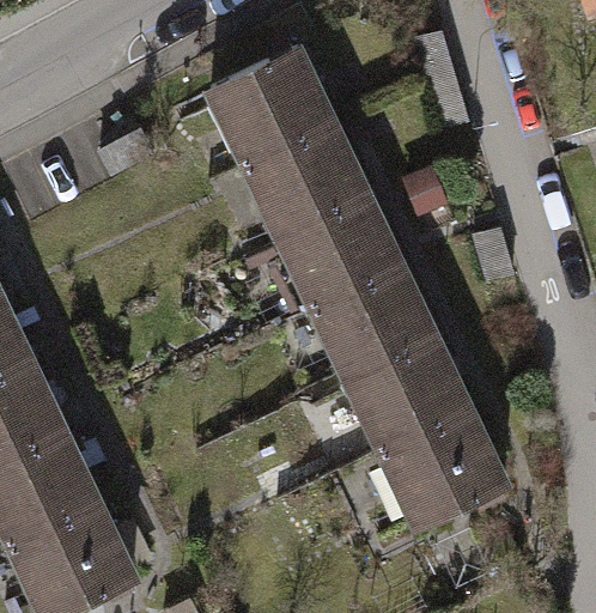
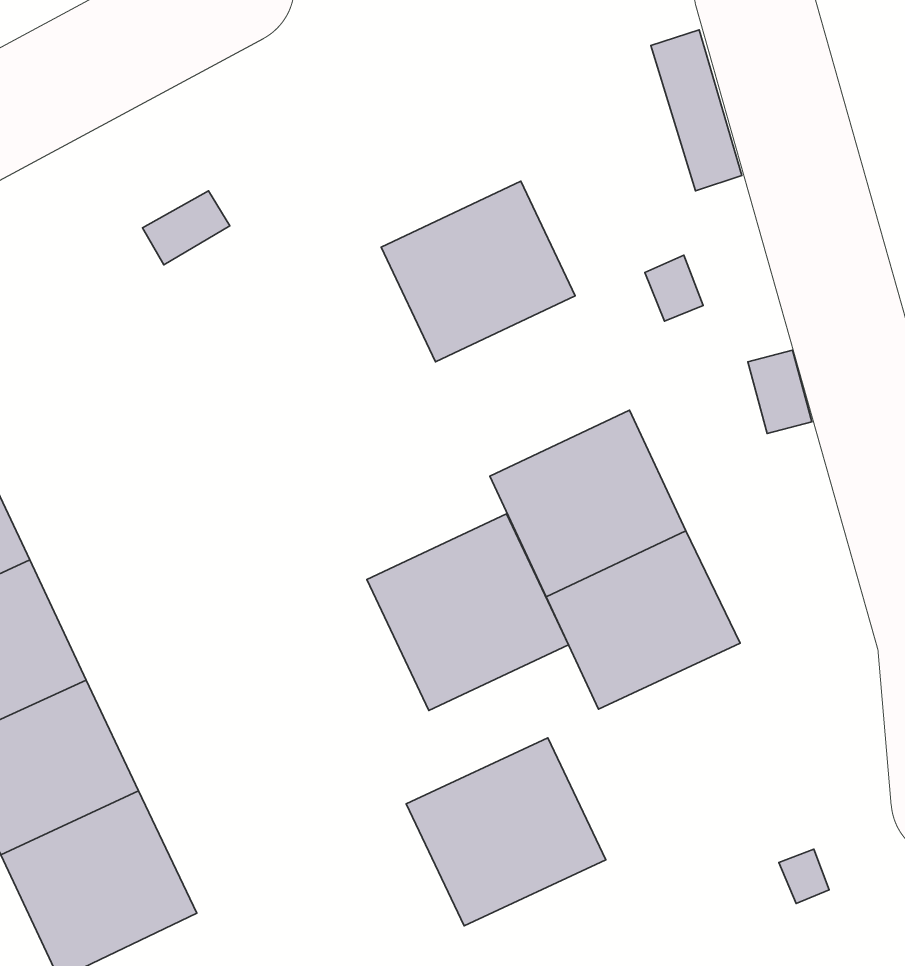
building: [209,49,333,168] -> none
building: [280,198,400,309] -> none
building: none -> [367,514,568,710]
building: [381,412,504,528] -> [406,738,606,926]

